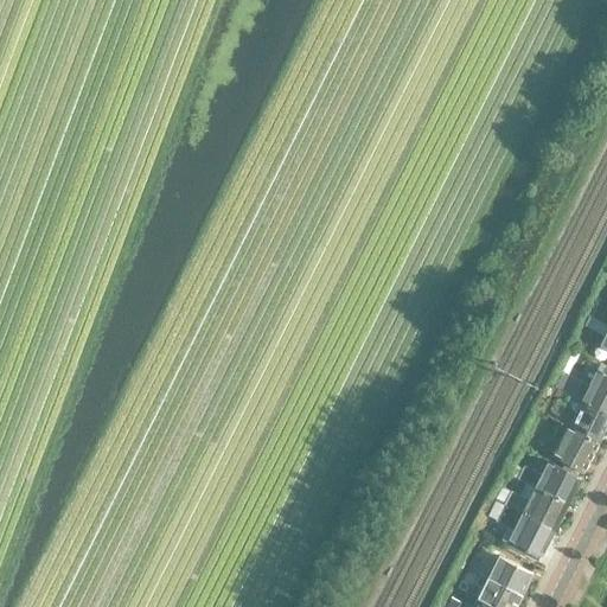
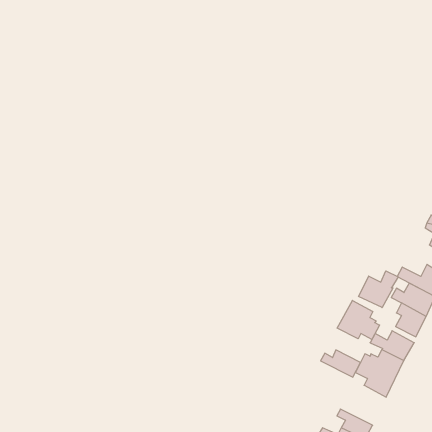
building: none -> [359,271,398,308]
building: none -> [337,300,380,339]
building: [478,558,533,596] -> [321,350,361,377]

